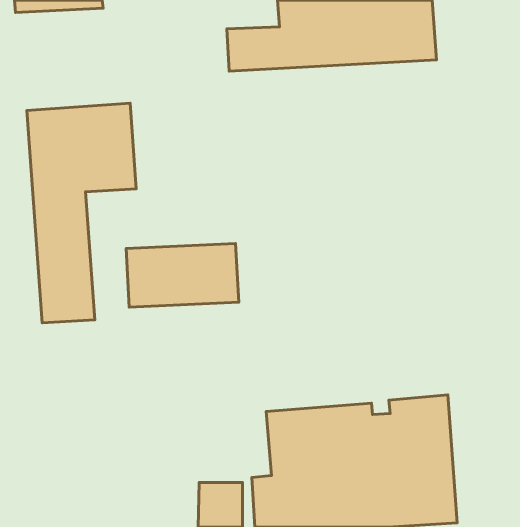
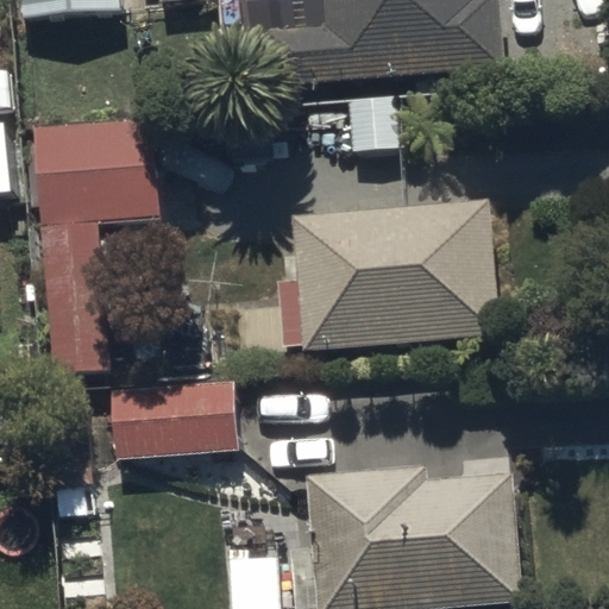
building: none -> [277,201,503,347]
building: [126,243,239,307] -> [108,382,238,456]

